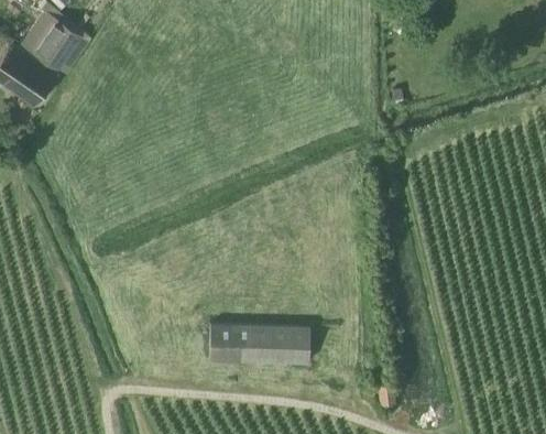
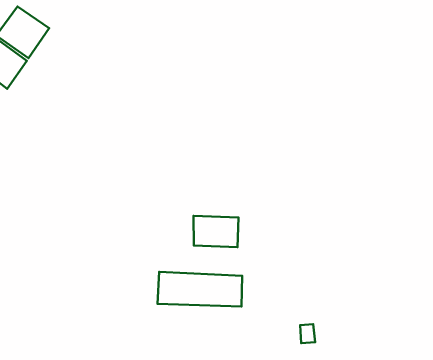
building: none -> [193,216,239,247]

